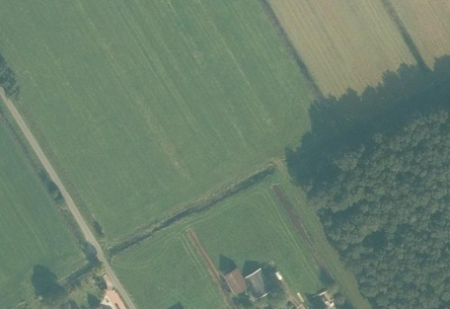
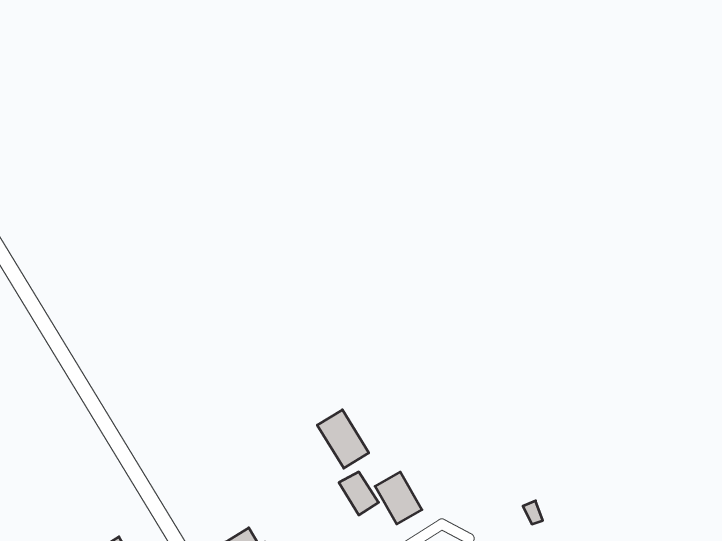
building: none -> [317,410,369,468]

